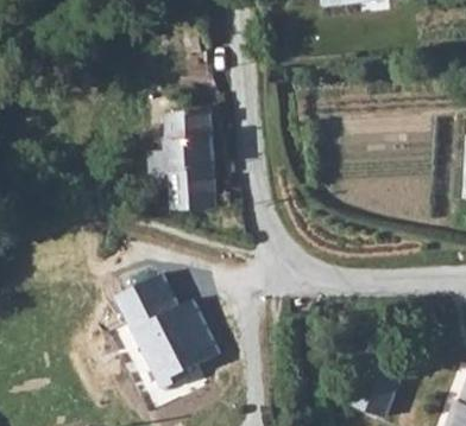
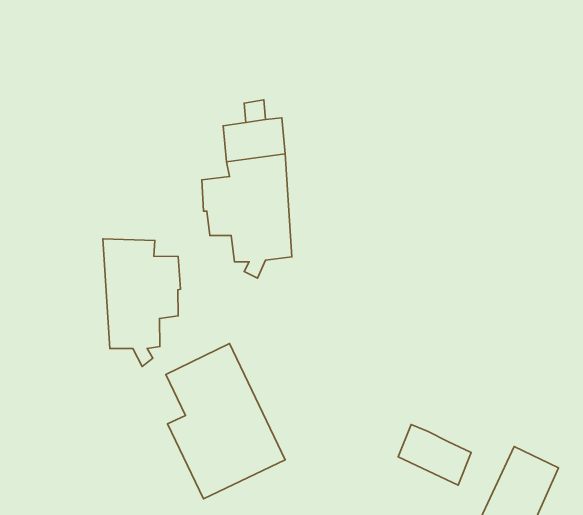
building: none -> [103,239,181,367]
building: none -> [398,424,471,485]

